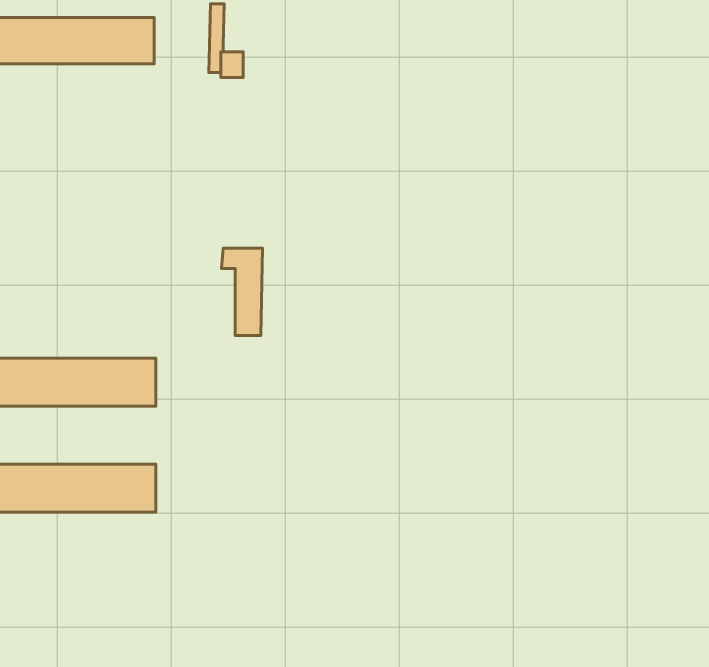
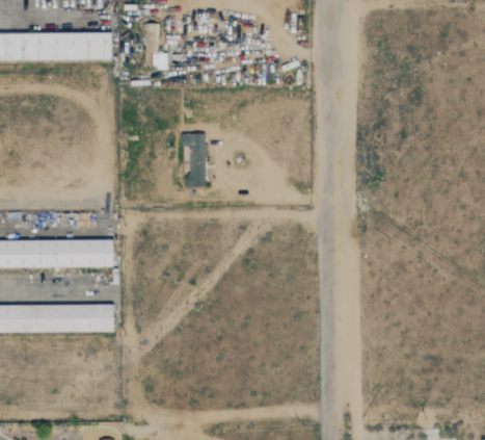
building: [221,248,262,335] -> [181,134,206,187]

